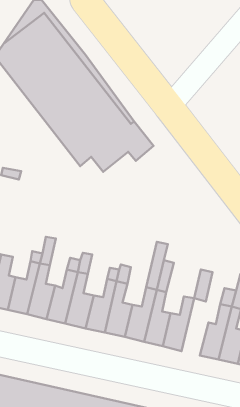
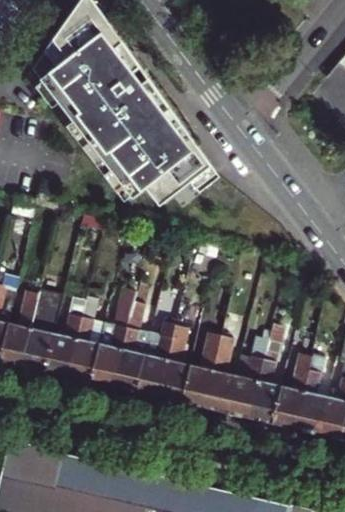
building: none -> [250,356,282,424]

